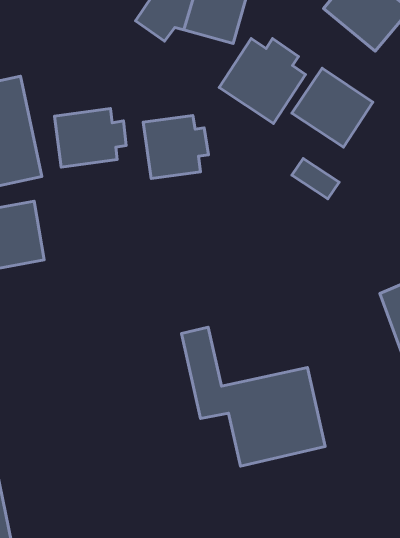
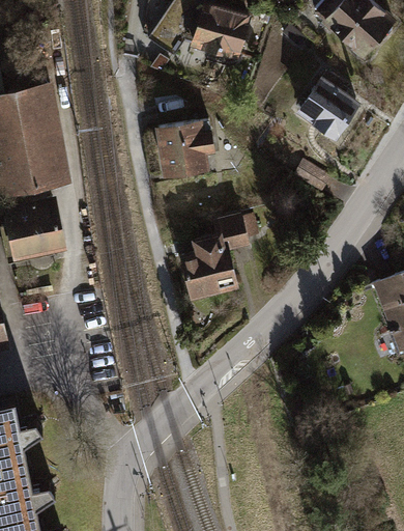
building: [219,38,306,123] -> none
building: [54,108,126,167] -> none
building: none -> [178,212,257,302]
building: [182,327,325,466] -> none

